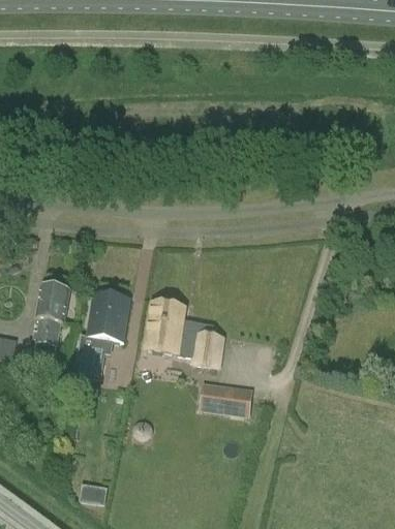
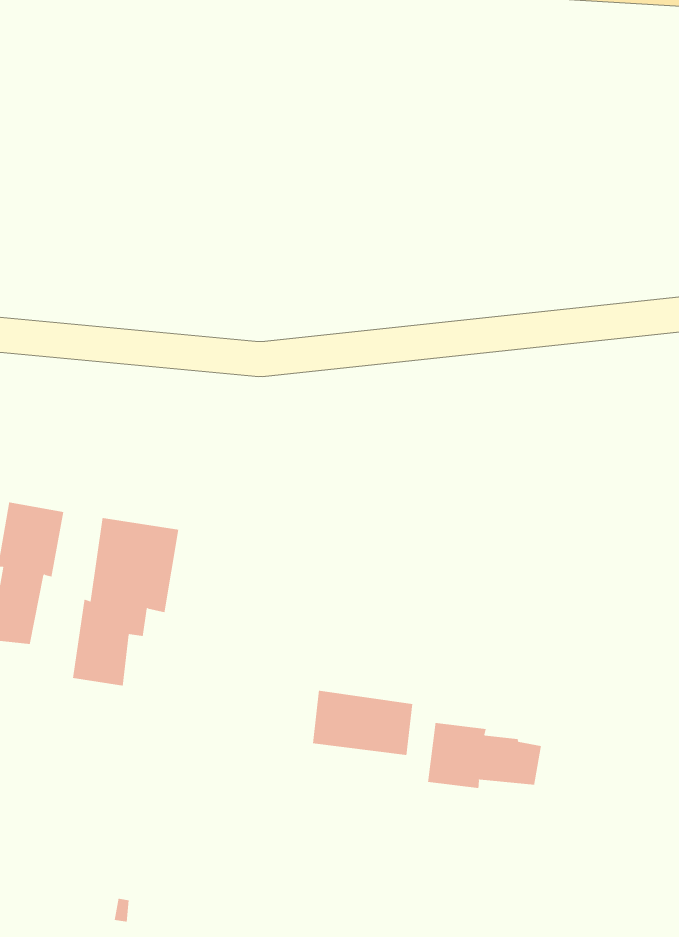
building: [145,301,225,368] -> none
building: none -> [427,722,542,789]

